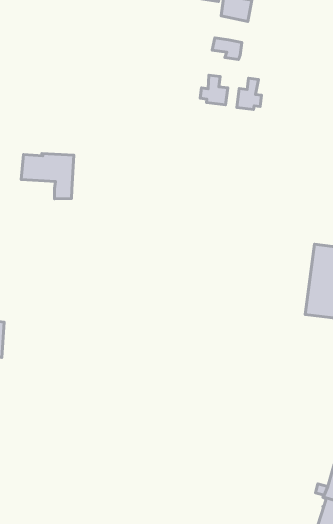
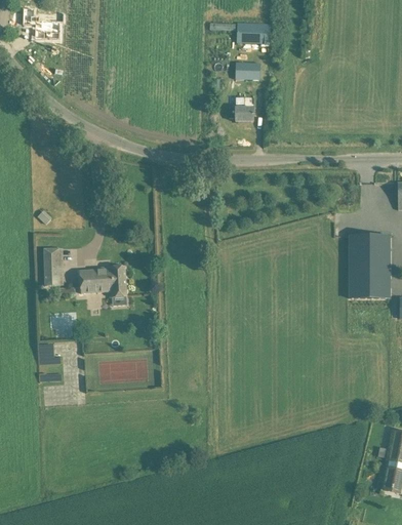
building: [237,78,261,110] -> none
building: [21,153,74,199] -> [80,266,128,307]

